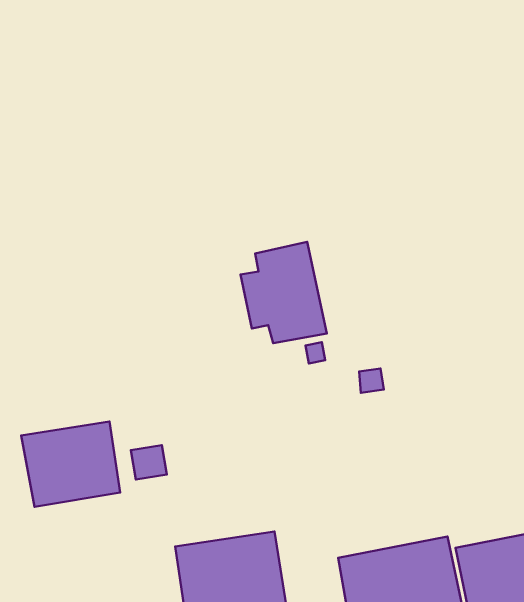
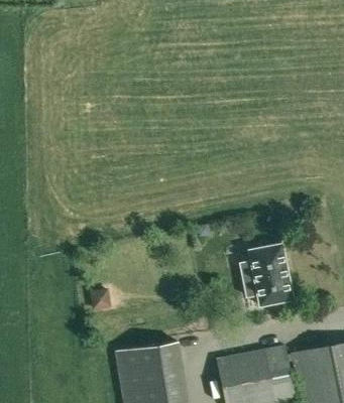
building: [240,242,327,343] -> [239,244,293,306]
building: [21,421,120,507] -> none

